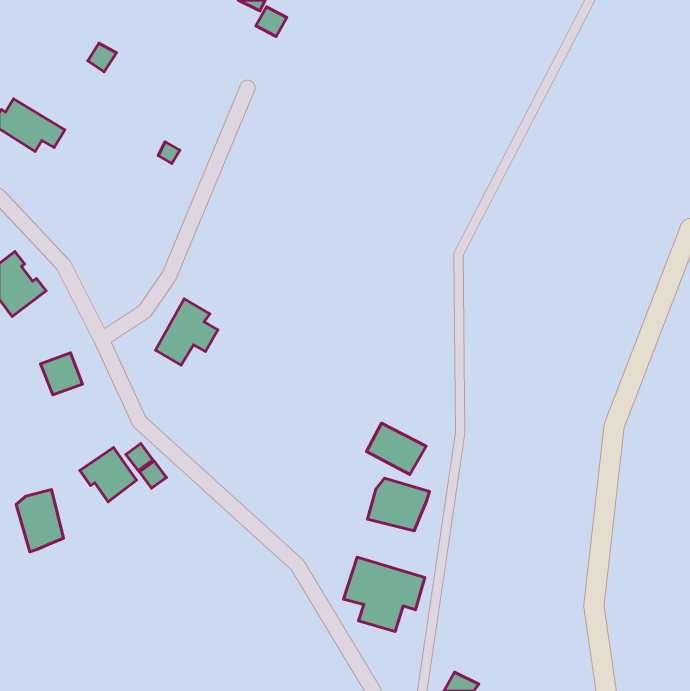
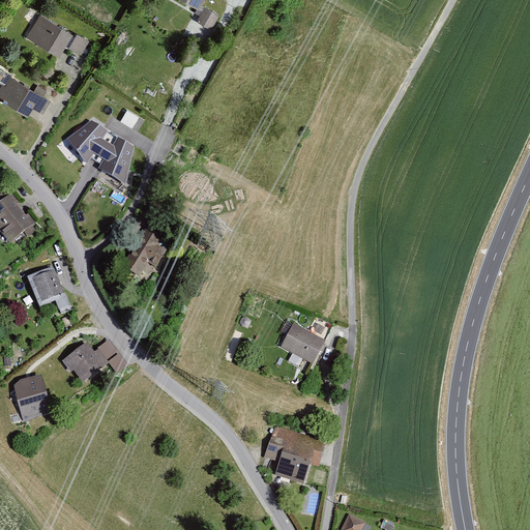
building: none -> [27,14,71,55]
building: none -> [66,120,132,185]
building: [368,478,430,531] -> none

